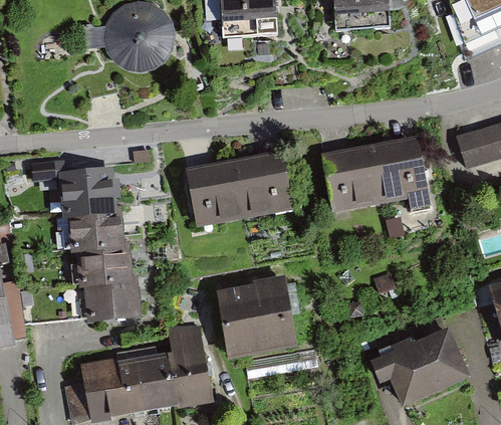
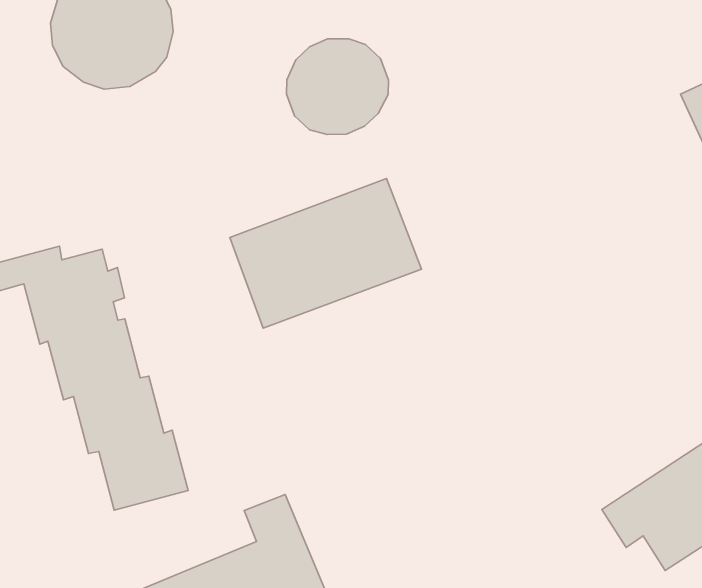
building: none -> [286,39,388,134]
building: [324,140,431,212] -> none
building: [219,277,298,360] -> none

